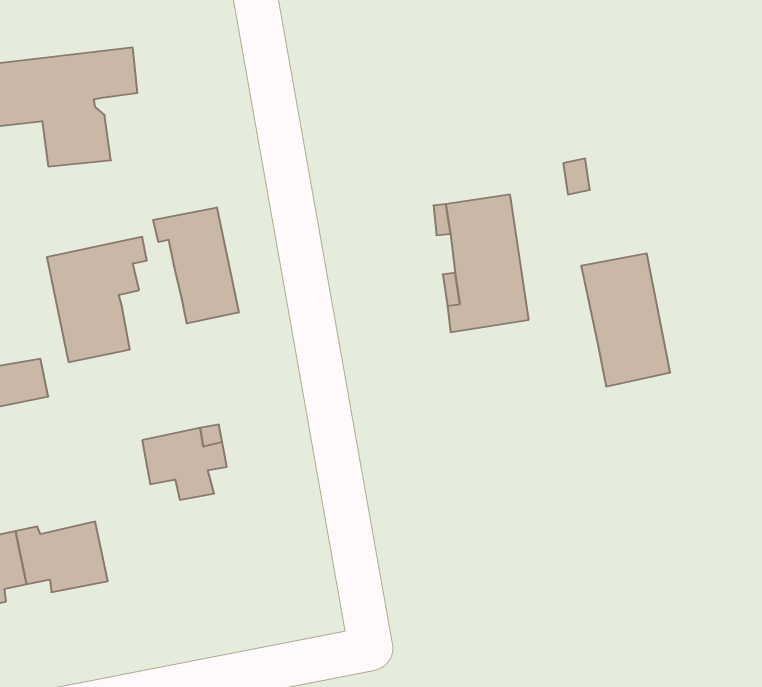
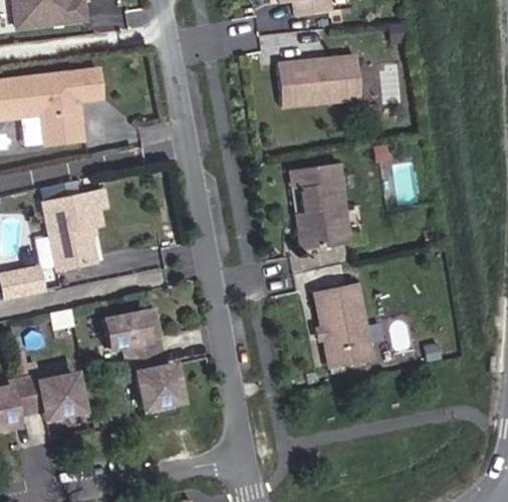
building: none -> [278,55,360,105]
building: [153,207,239,324] -> none
building: [581,253,670,386] -> [314,282,371,367]
building: none -> [128,353,180,407]

